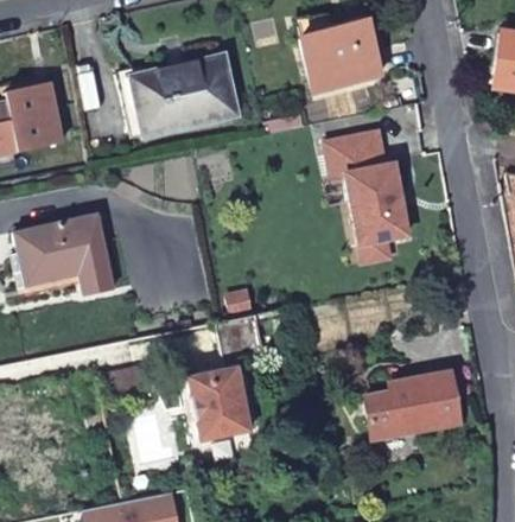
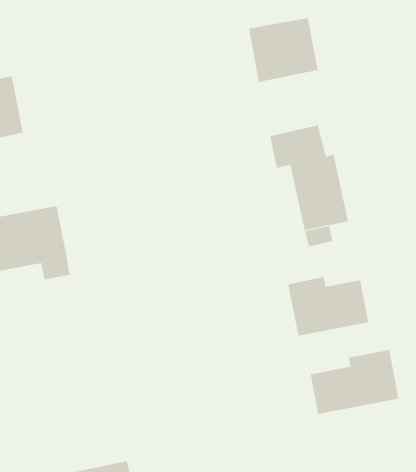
building: [131,52,241,136] -> none
building: none -> [288,276,369,336]
building: [185,318,266,445] -> none

